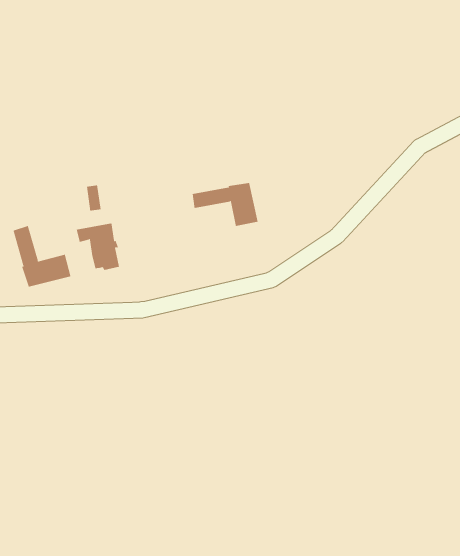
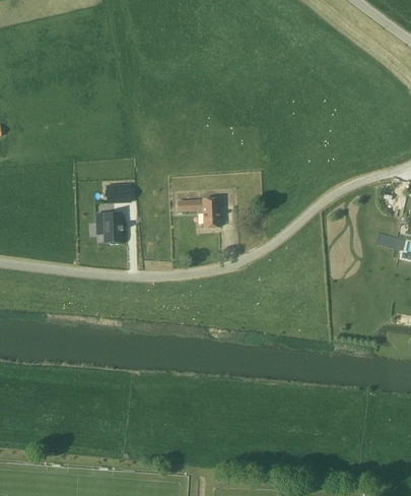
building: [13,225,71,288] -> none

